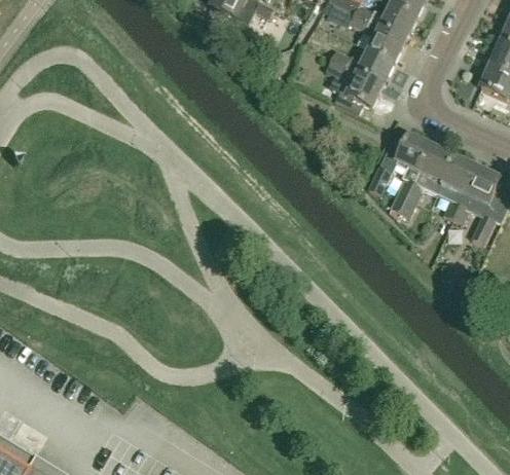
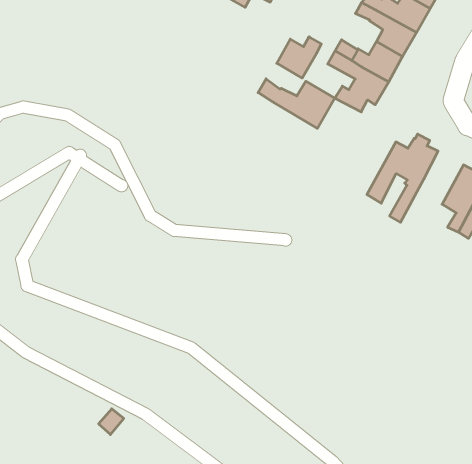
building: none -> [277,37,321,78]
building: none -> [258,79,335,128]
building: [400,145,454,216] -> none

